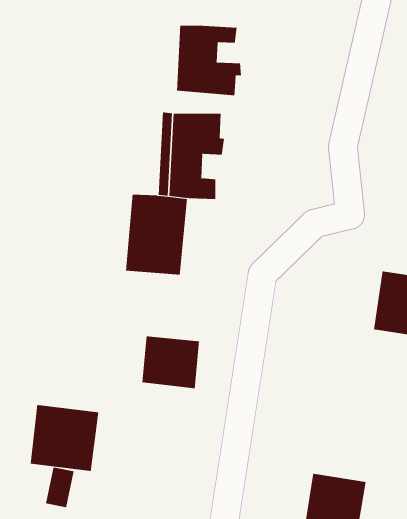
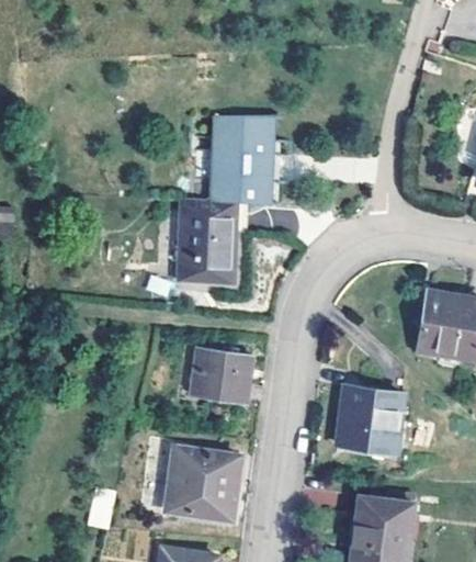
building: [176,25,241,96] -> none
building: none -> [338,381,406,447]
building: [30,404,99,472] -> [166,452,236,520]

